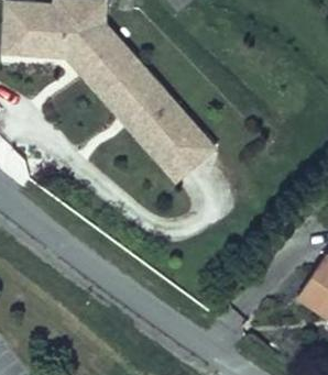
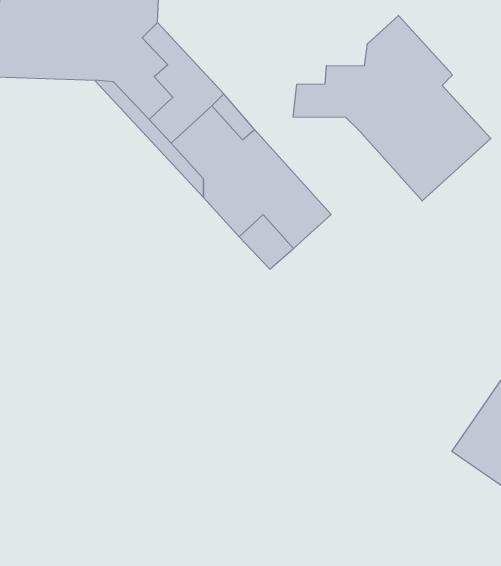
building: none -> [293,15,491,201]

